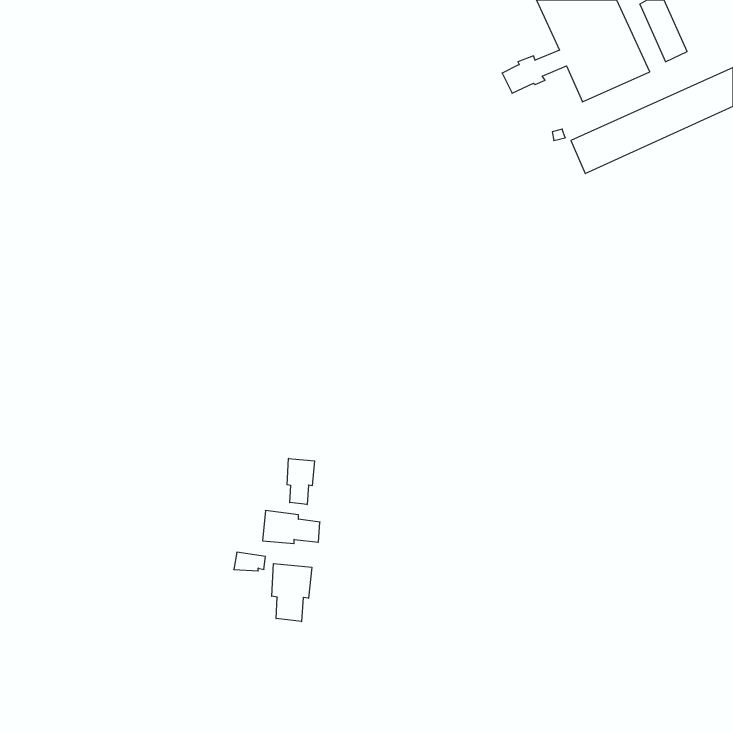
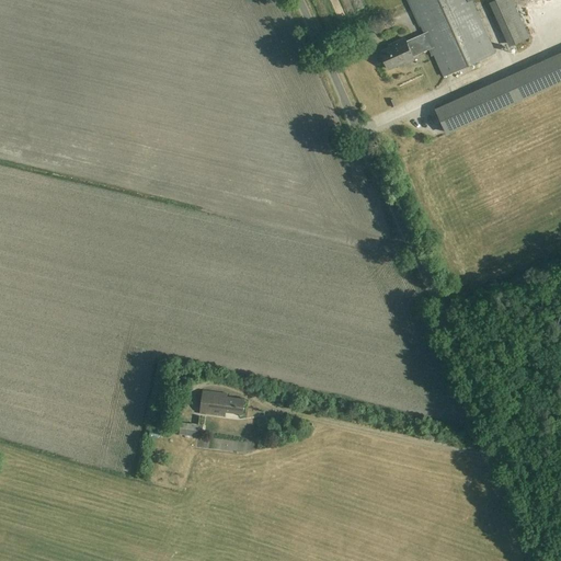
building: [287,458,315,505] -> none
building: [272,564,312,622] -> none

